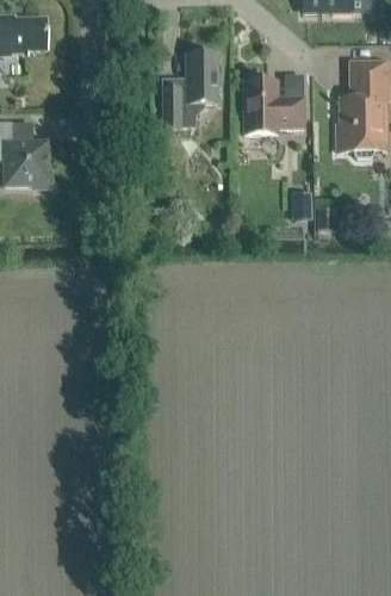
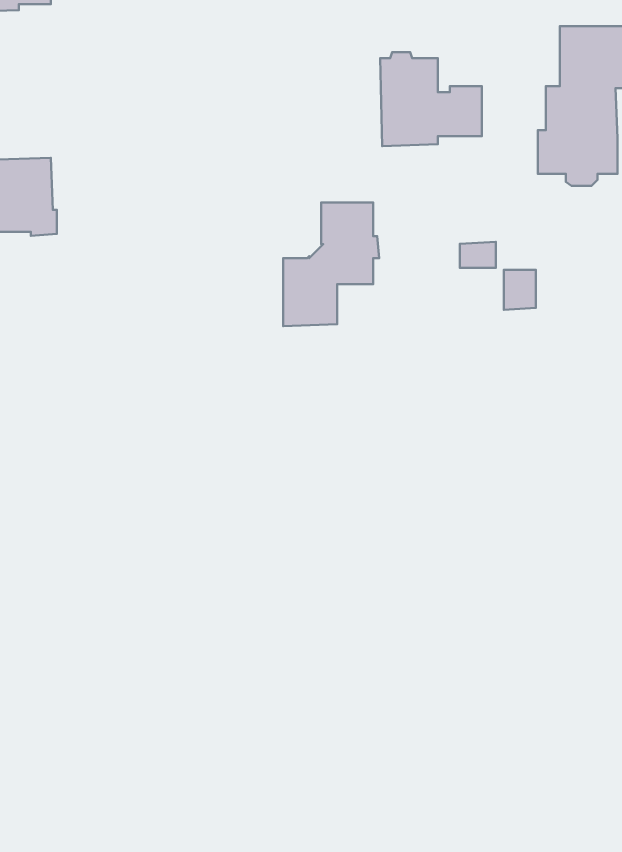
building: [163,54,221,128] -> [283,202,379,326]

